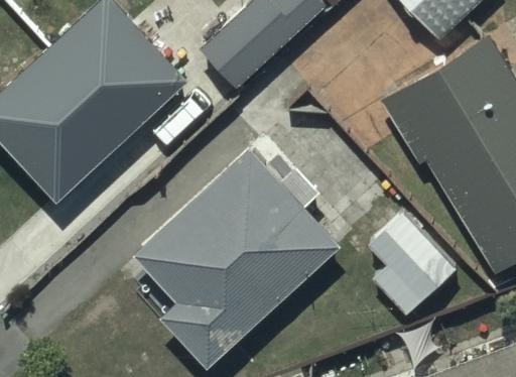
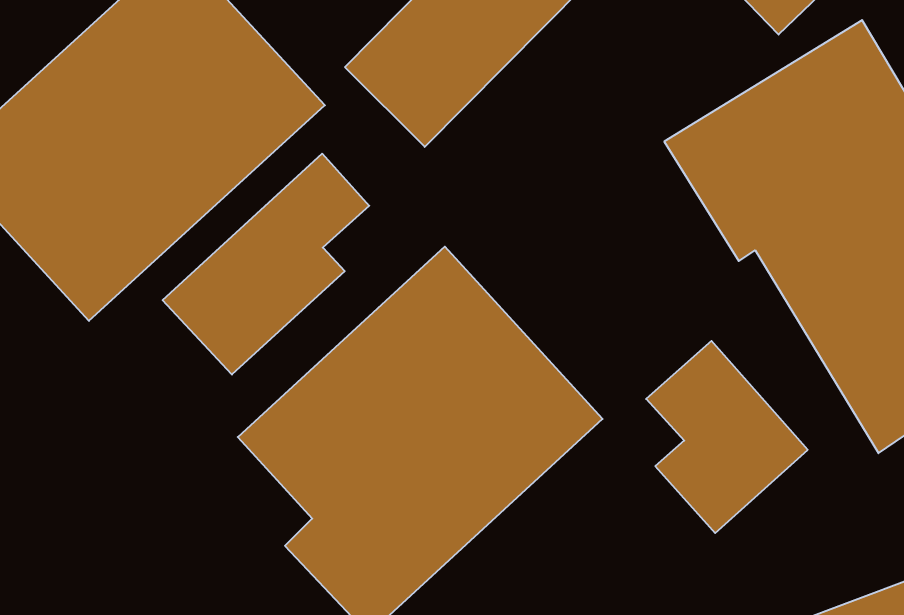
building: none -> [163,154,369,375]

